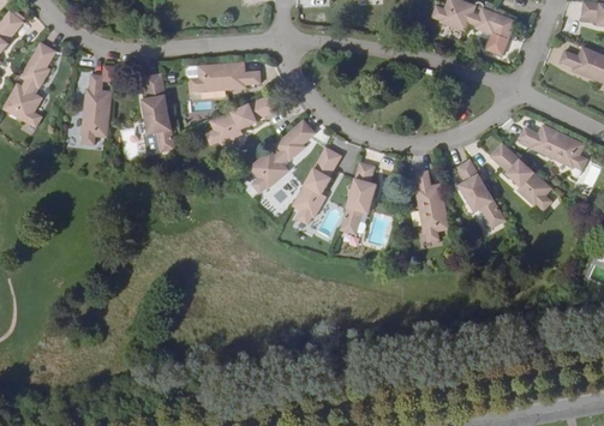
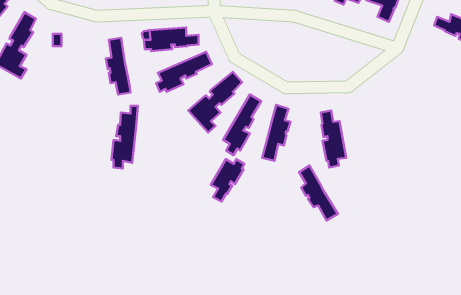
building: [80,65,114,144] -> [111,106,138,168]
building: [520,116,587,162] -> none
building: [489,140,551,209] -> none
building: [456,158,506,228] -> [299,166,338,221]
building: none -> [211,159,244,201]

